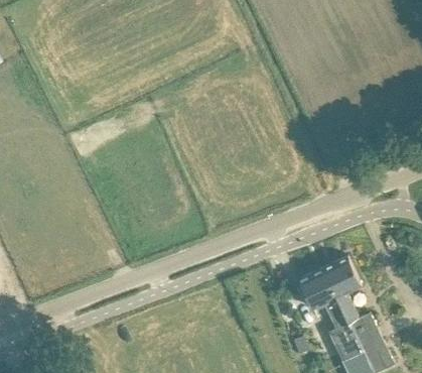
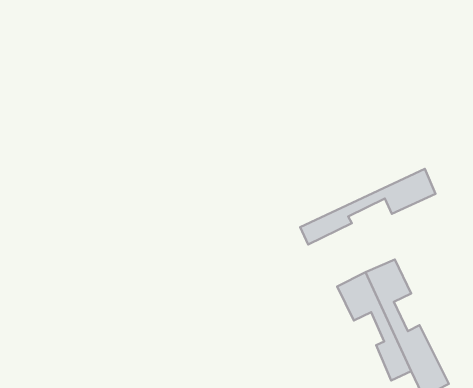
building: none -> [300,169,435,245]

